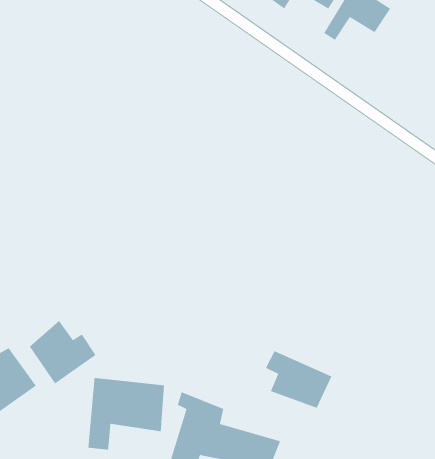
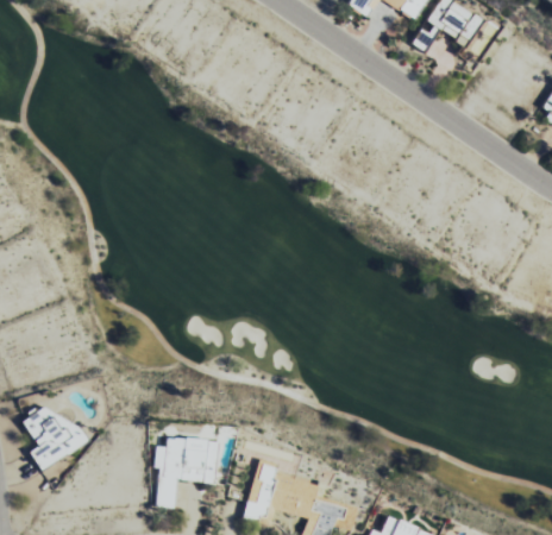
building: [29,320,97,384] -> none
building: [265,350,332,409] -> none

